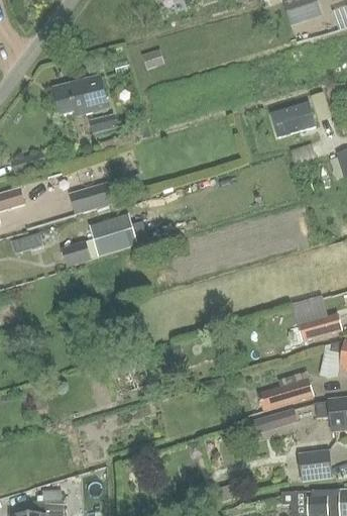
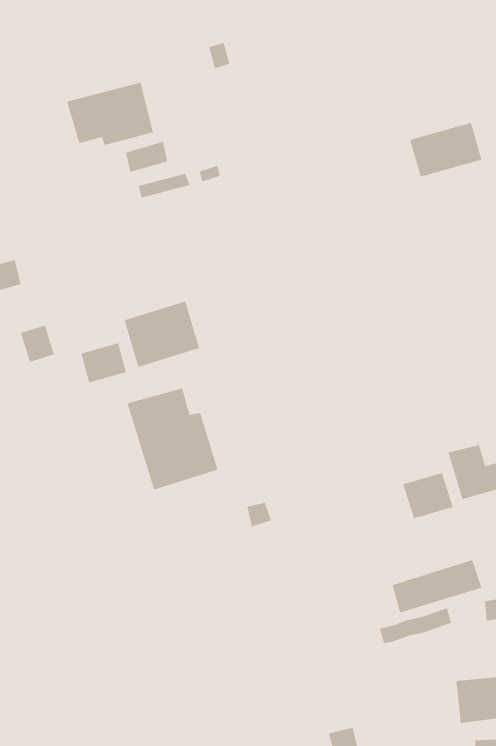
building: [70,183,113,214] -> none
building: none -> [127,388,219,490]
building: none -> [402,472,454,519]

